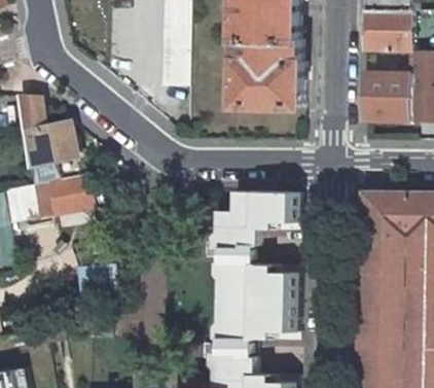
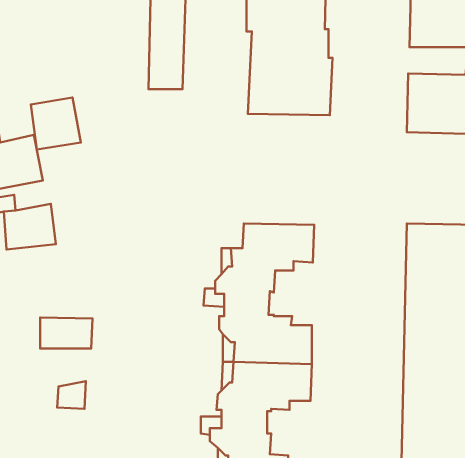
building: none -> [31,98,81,149]

